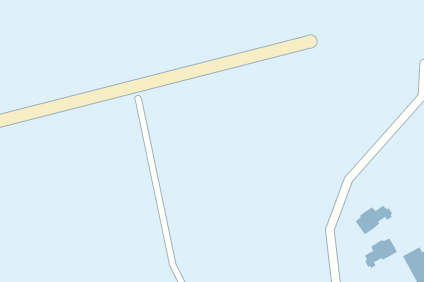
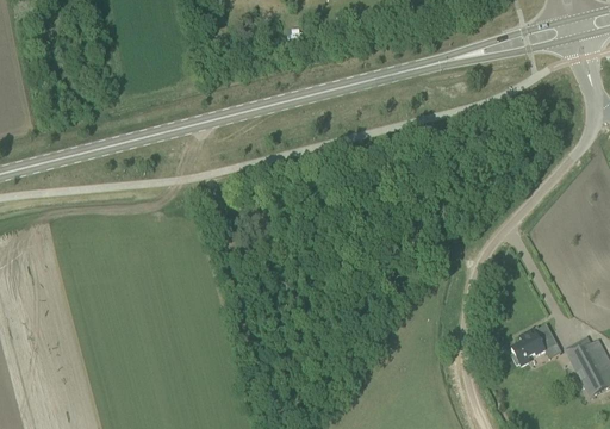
building: [355,205,393,235] -> none

